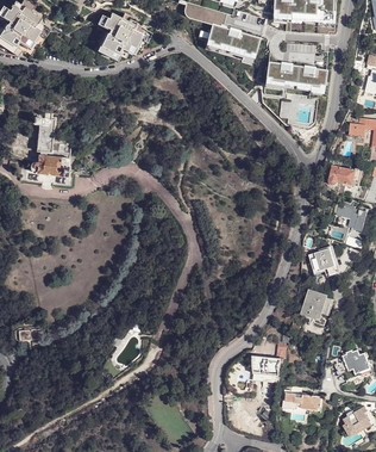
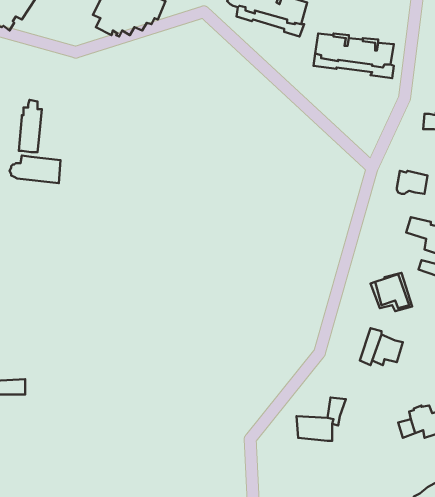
building: [282,388,319,411] -> none

